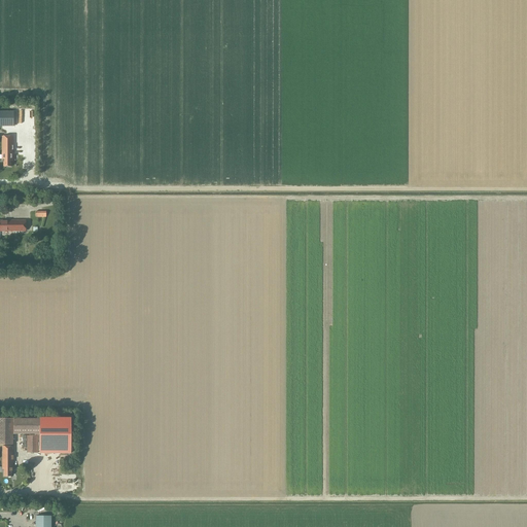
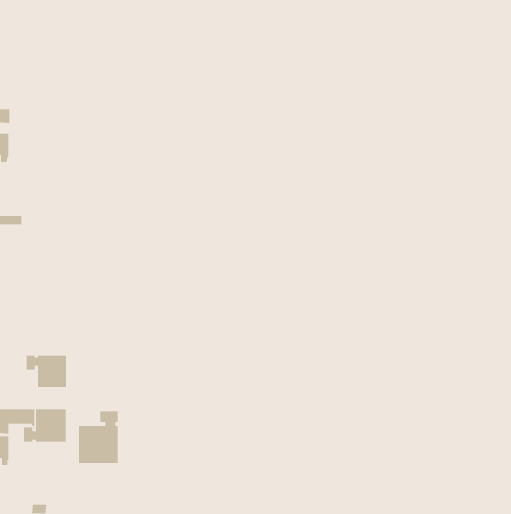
building: none -> [26,355,67,388]
building: none -> [78,410,119,464]

